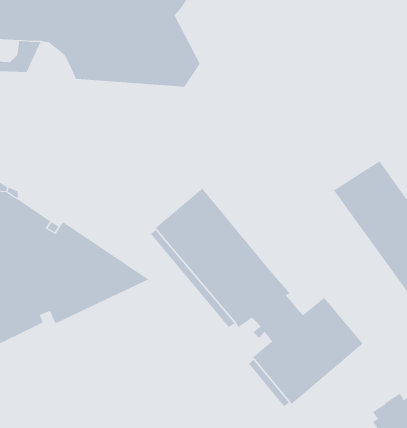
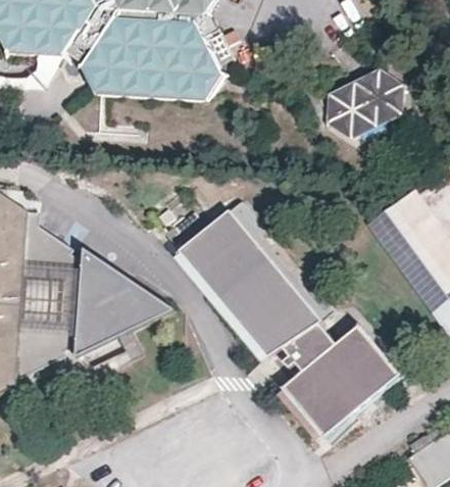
building: none -> [328,68,403,138]

